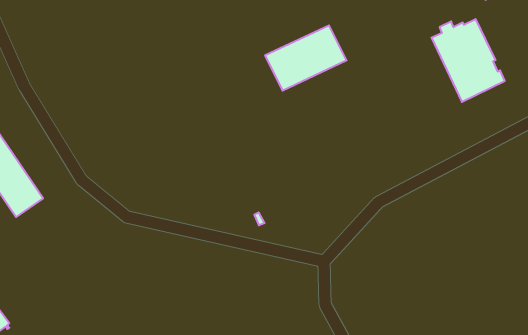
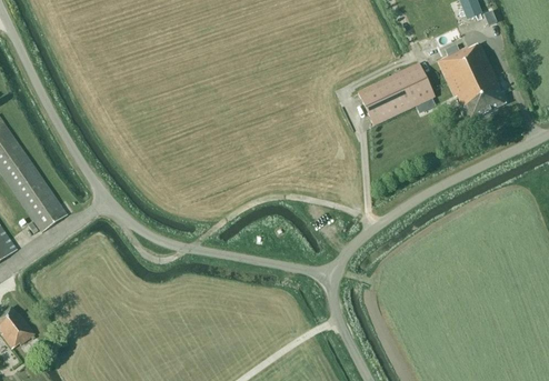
building: [265,25,347,91] -> [356,62,433,124]

